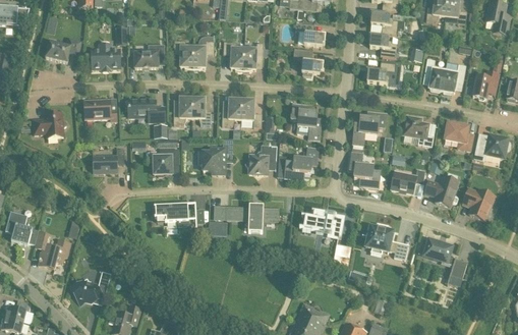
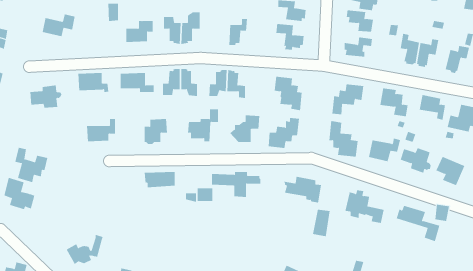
building: [223,41,244,70] -> none
building: [92,46,120,68] -> none
building: [35,231,70,269] -> [14,147,48,183]

